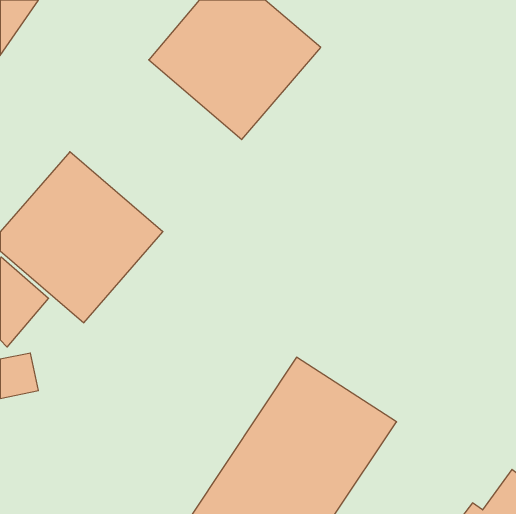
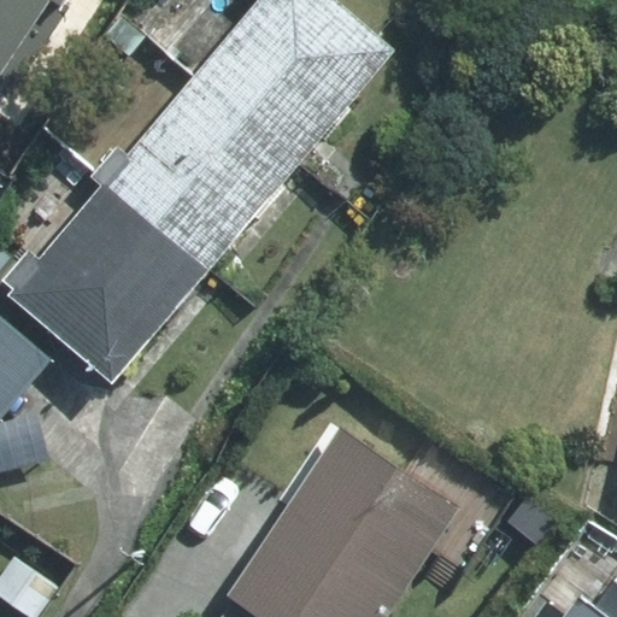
building: none -> [84,75,289,280]

